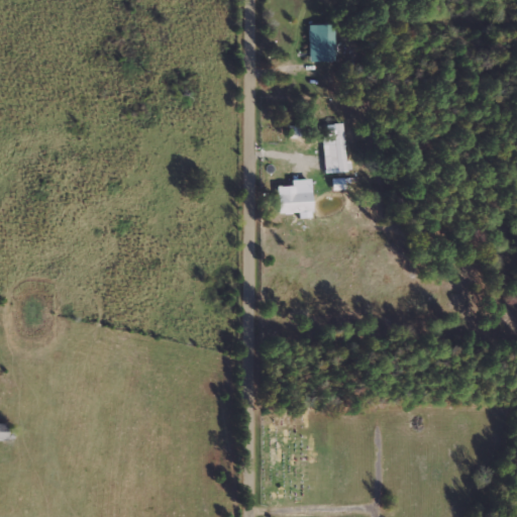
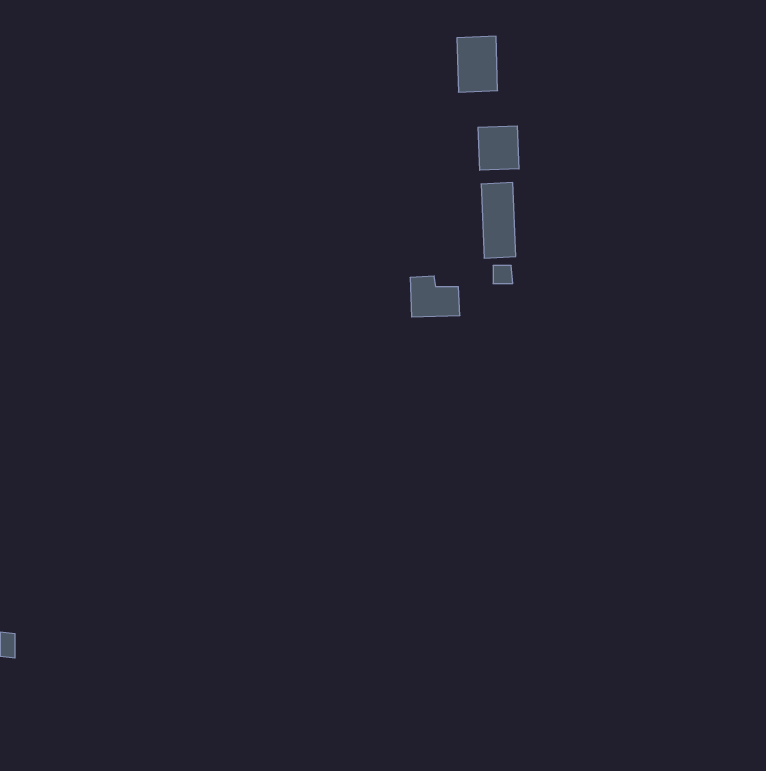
building: none -> [478,126,519,170]

